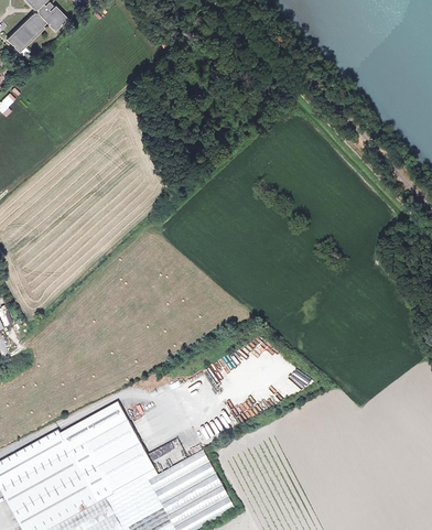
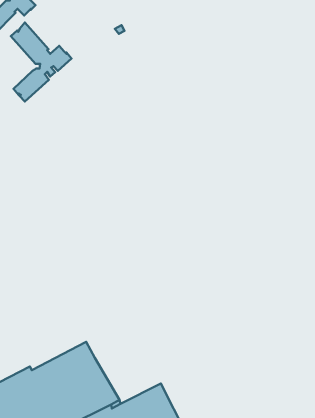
building: none -> [11,23,72,102]

